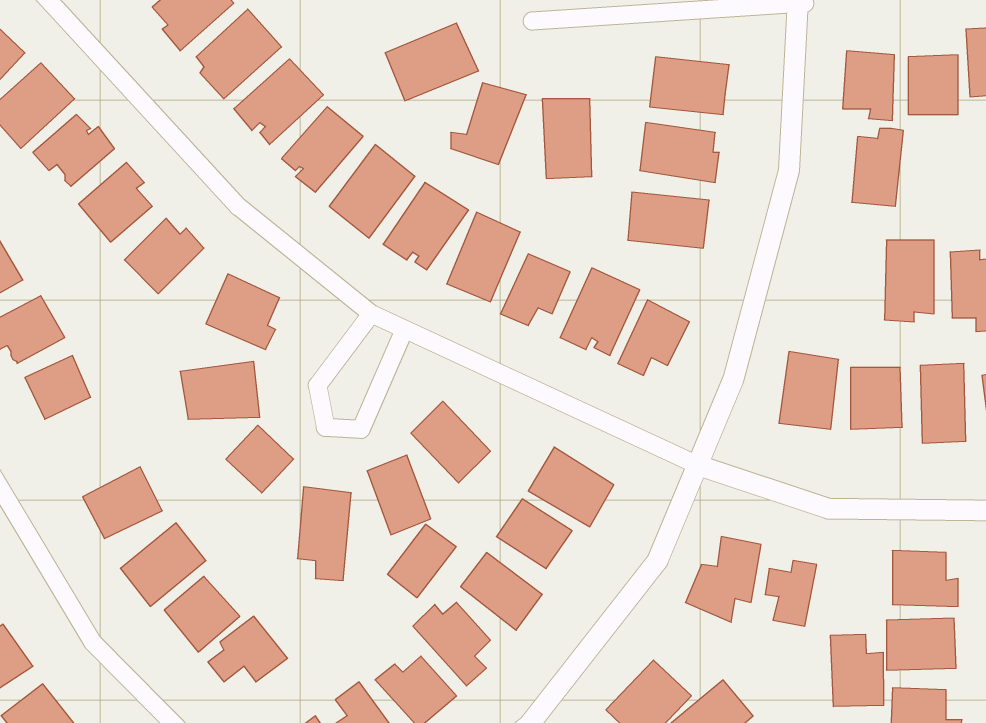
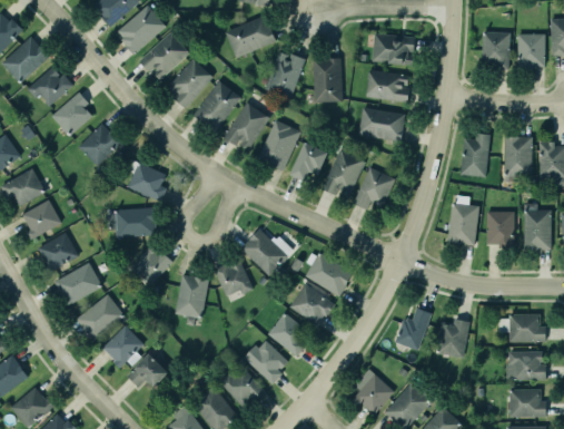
building: [852,129,903,206] -> [461,133,489,176]
building: none -> [39,232,77,269]
building: [388,524,456,598] -> none
building: [830,634,884,707] -> none

